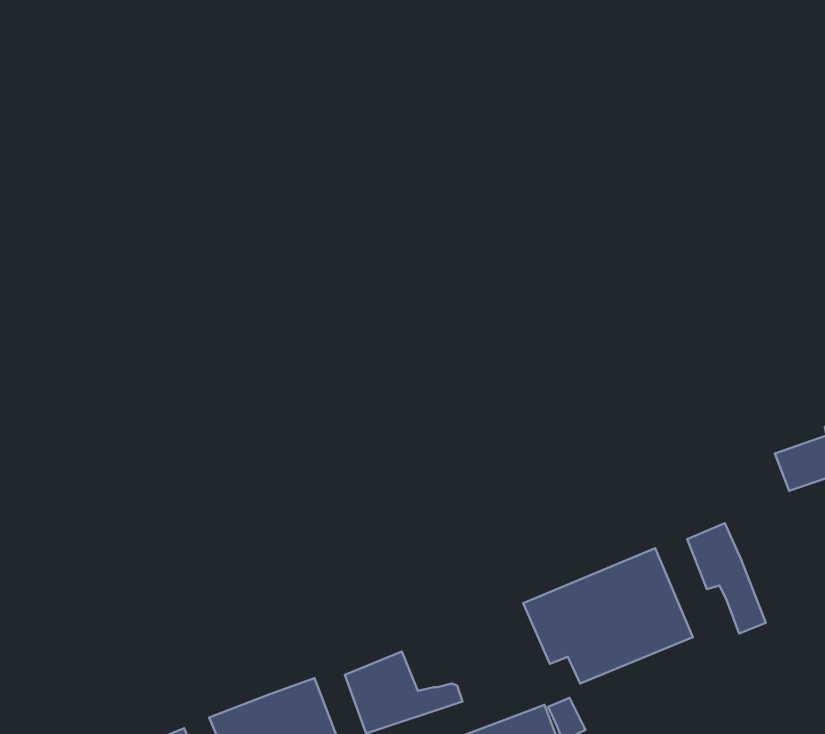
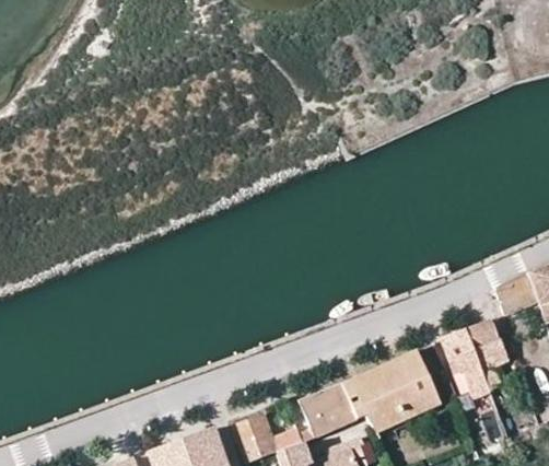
building: none -> [464,323,504,395]
building: none -> [299,383,357,443]

